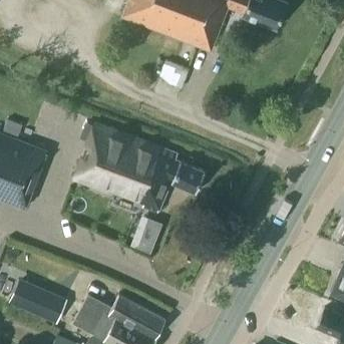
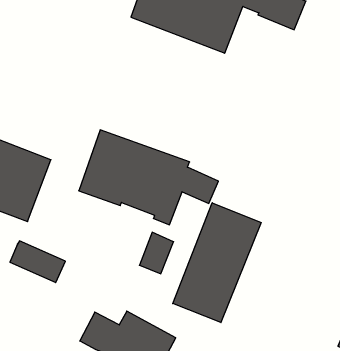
building: none -> [173,203,261,323]
building: [12,281,64,320] -> [10,241,65,283]

